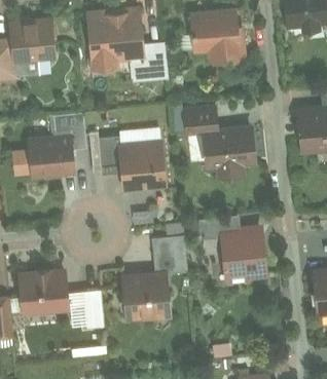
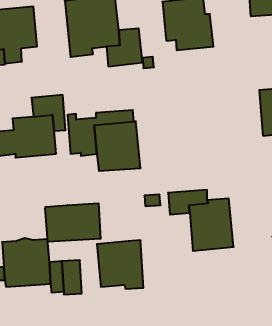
building: [181,104,256,179] -> none
building: none -> [45,203,100,242]
building: [151,236,185,270] -> none

